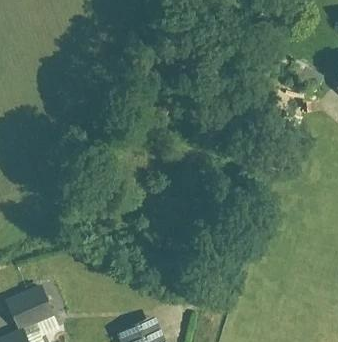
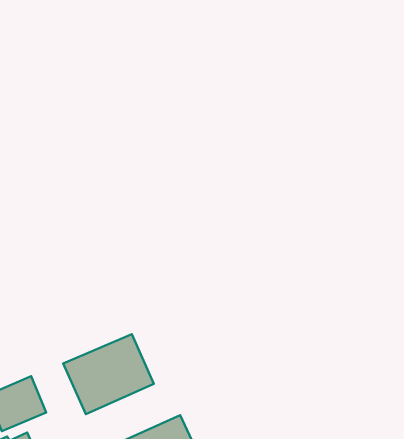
building: none -> [63,334,154,414]

